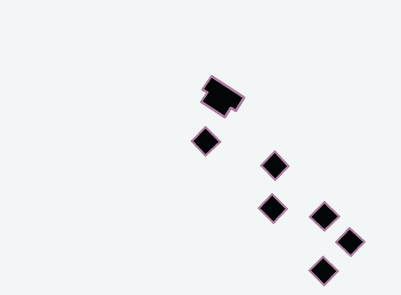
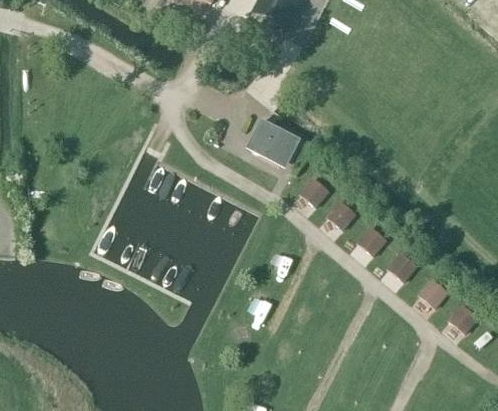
building: [192,127,220,156] -> [298,176,330,208]
building: [259,194,287,223] -> [355,225,387,257]
building: [309,257,338,285] -> [447,303,479,335]

